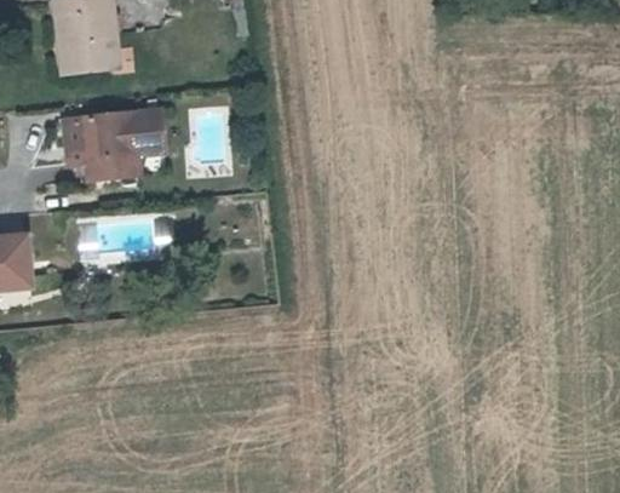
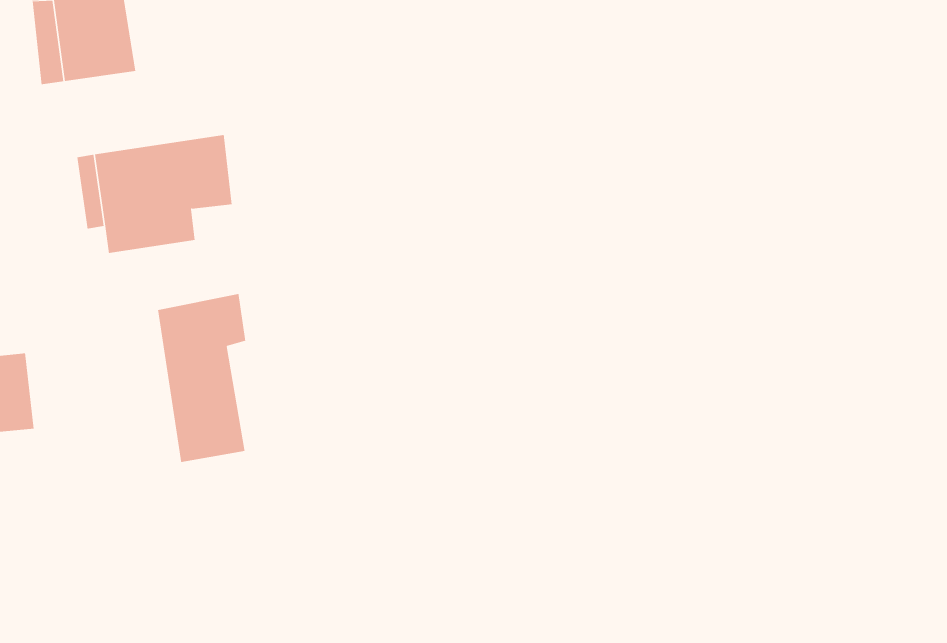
building: none -> [158,293,246,463]

